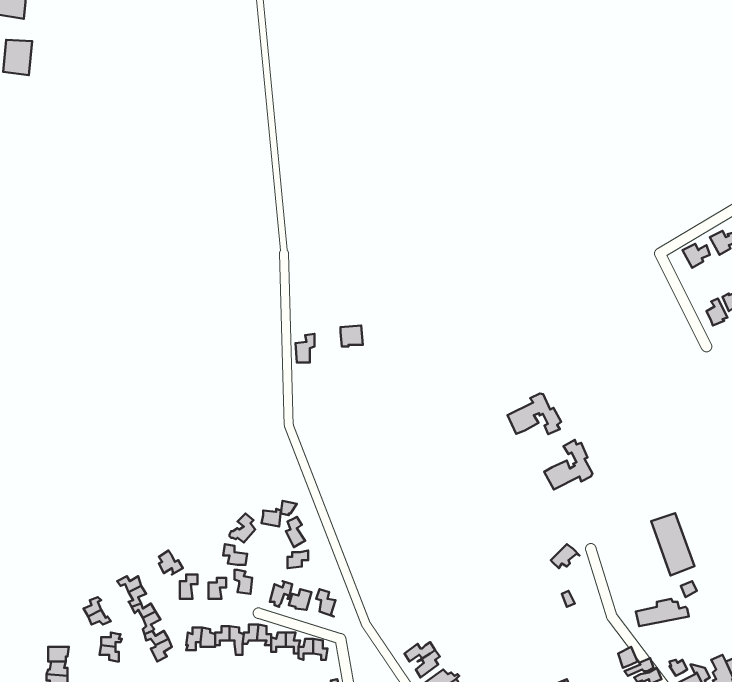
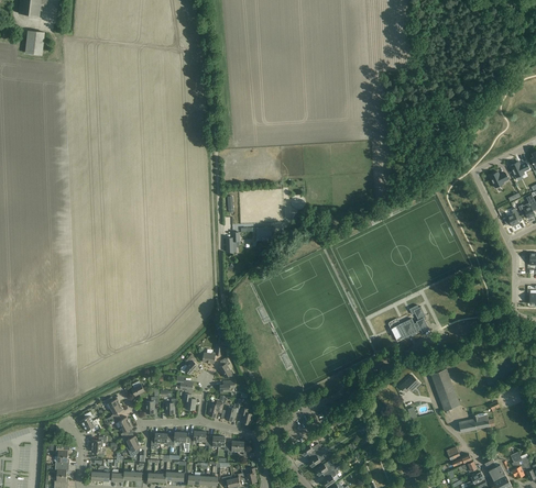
building: [508,393,561,434] -> none
building: [651,513,695,576] -> [430,368,460,411]

